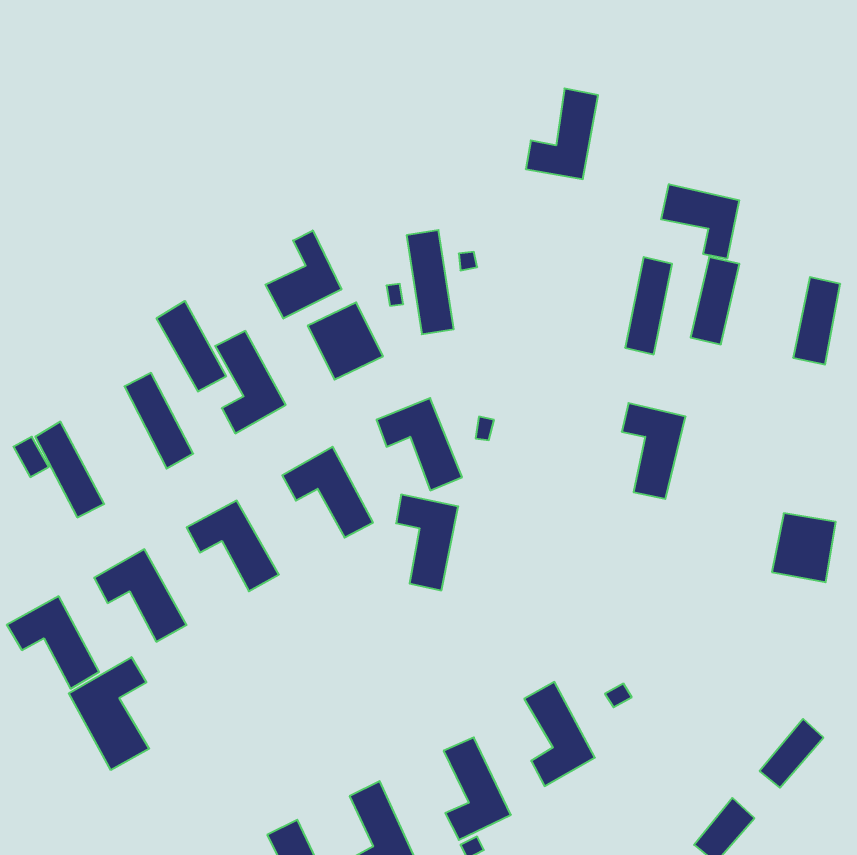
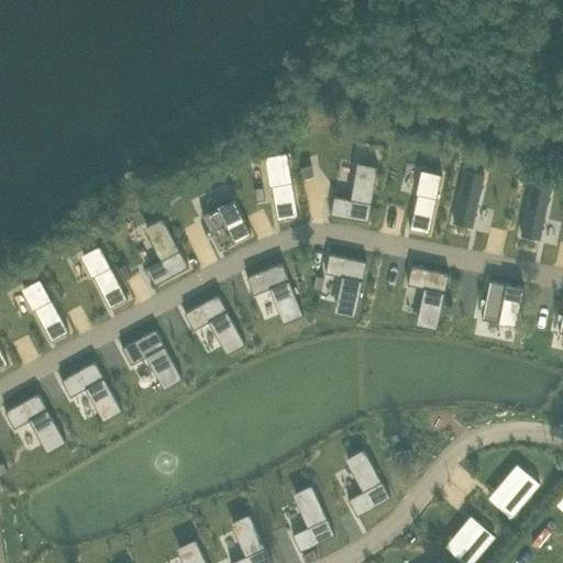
building: [526,88,598,179] -> [330,163,377,222]
building: [661,184,739,259] -> none
building: [265,230,341,319] -> none
building: [157,301,226,392] -> none
building: [396,495,458,590] -> [324,254,365,317]
building: [772,513,836,582] -> [481,282,522,327]
building: [69,657,149,770] -> none

